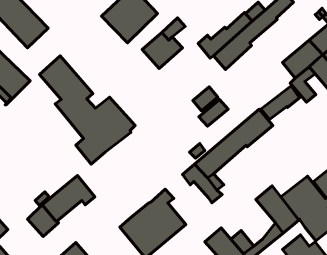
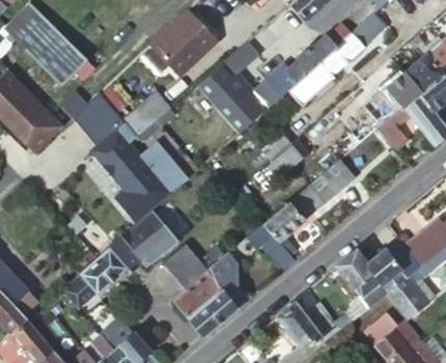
building: none -> [219,84,268,134]
building: none -> [124,92,170,137]
building: none -> [120,210,179,269]
building: none -> [165,245,208,288]

